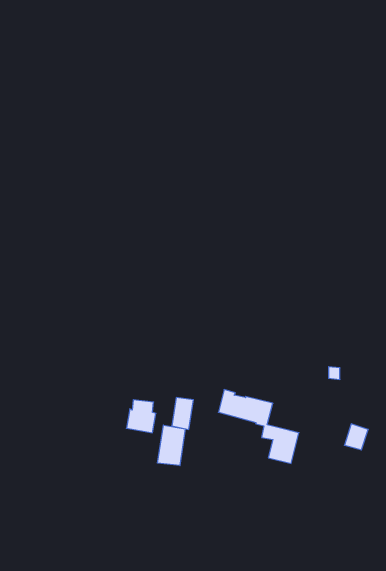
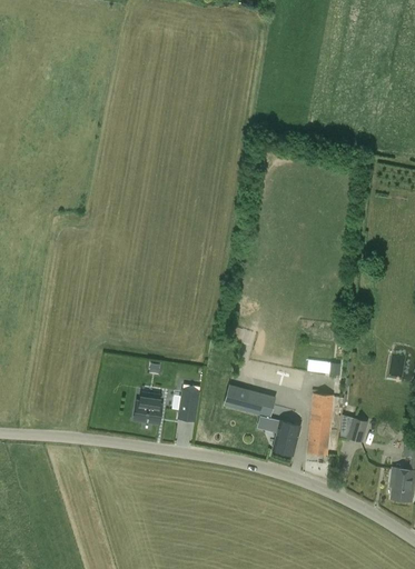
building: none -> [306,389,333,456]
building: [158,425,185,466] -> none

